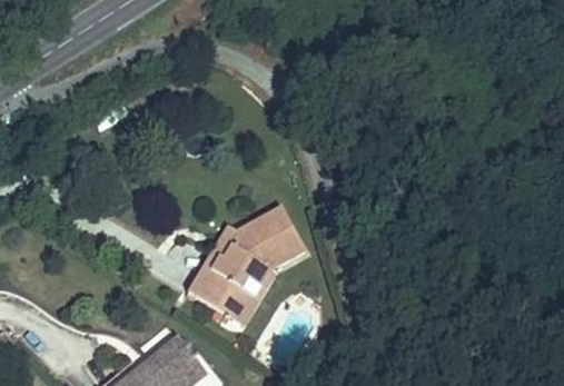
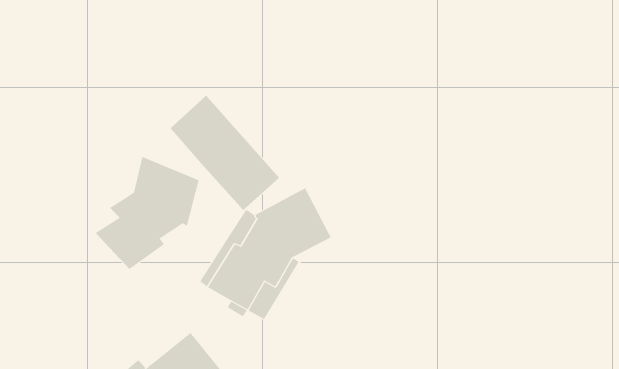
building: none -> [170,95,280,211]
building: none -> [95,156,199,270]

